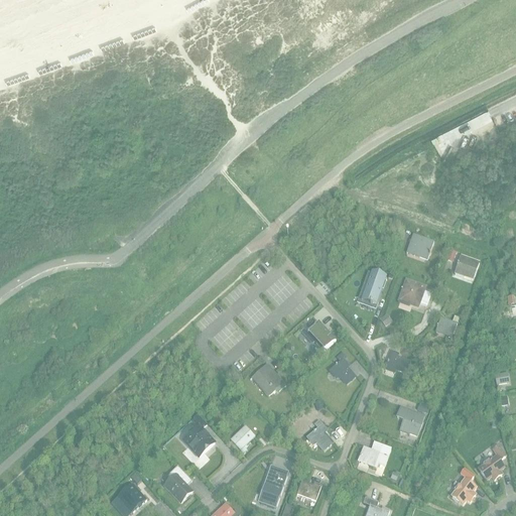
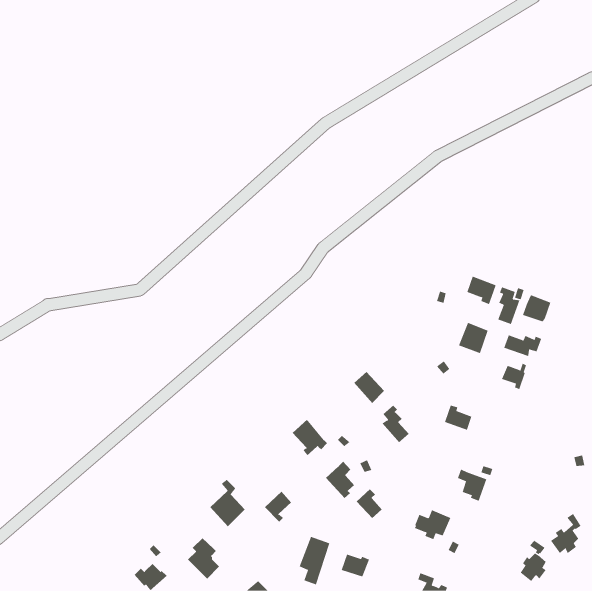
building: none -> [498,287,520,325]
building: [360,270,384,303] -> none
building: none -> [503,334,542,357]
building: none -> [325,461,355,499]

